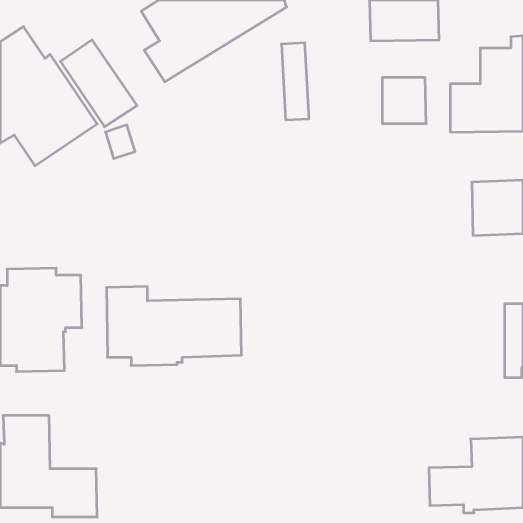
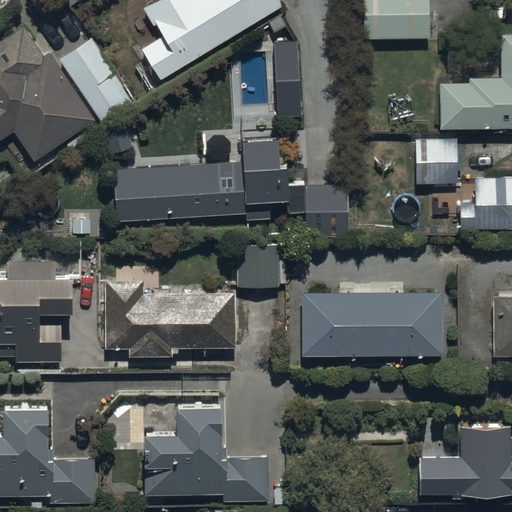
building: [382,78,426,124] -> [415,137,458,182]
building: none -> [115,140,348,238]
building: none -> [238,244,286,287]
building: none -> [300,293,442,357]
building: none -> [145,405,269,503]

